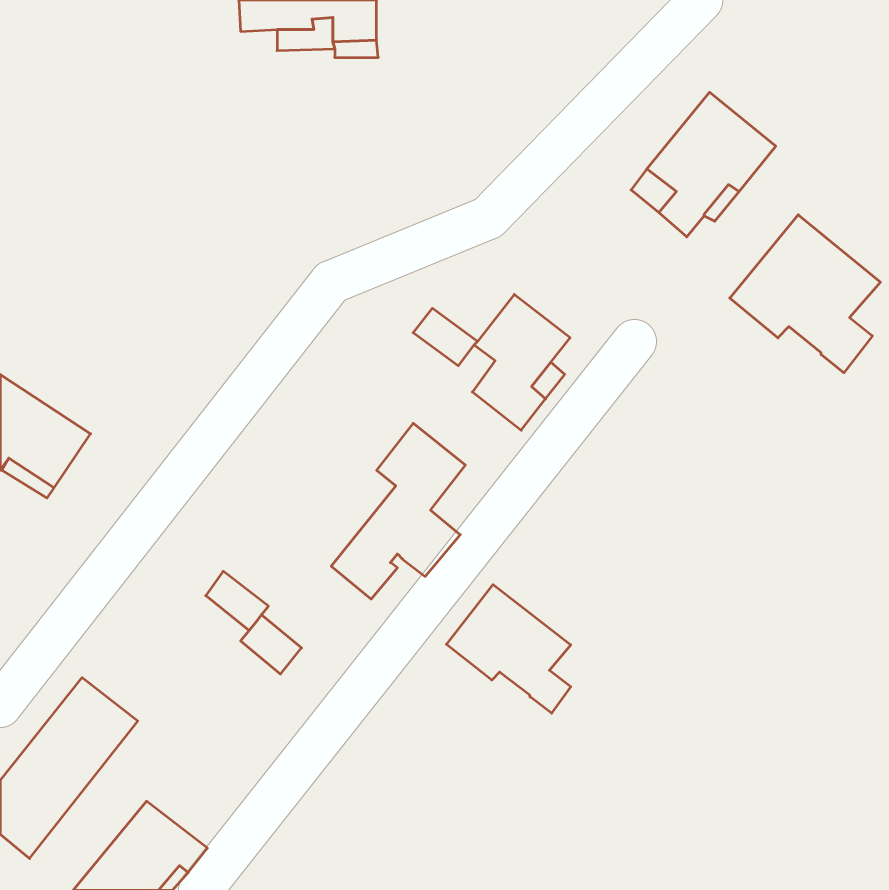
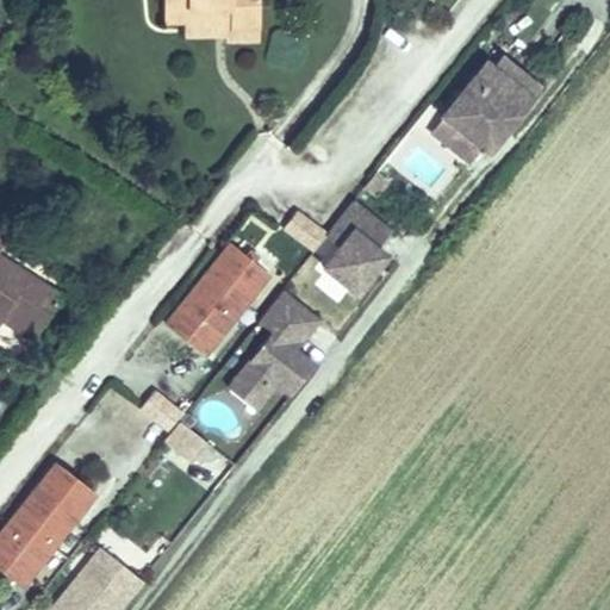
building: [730,215,880,373] -> none
building: none -> [167,243,269,355]
building: [446,585,571,713] -> none

